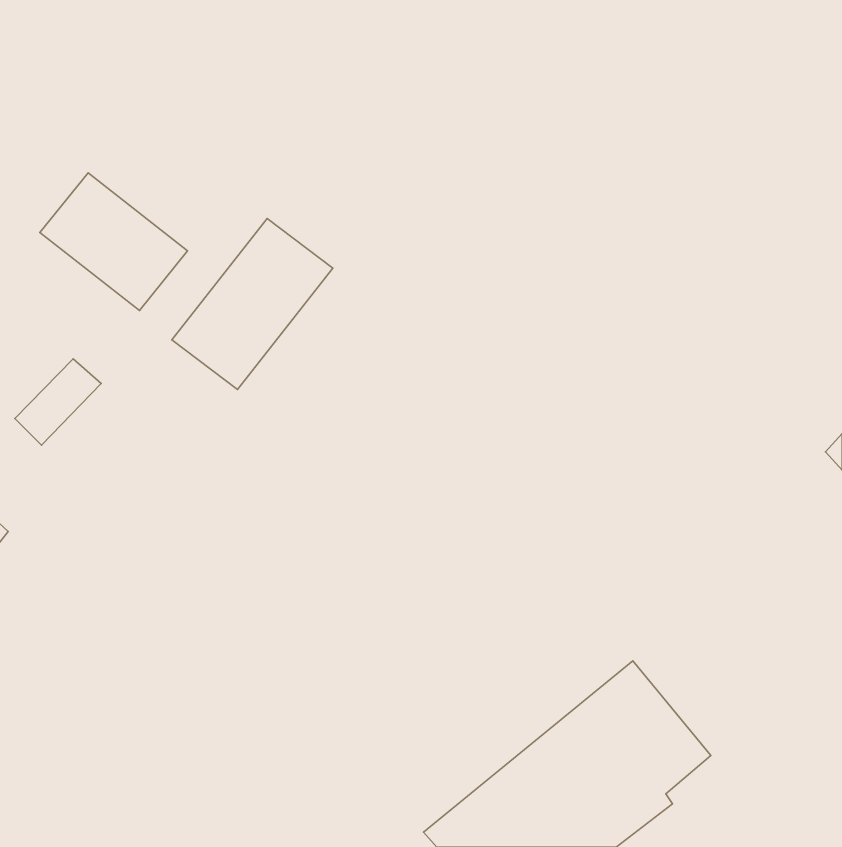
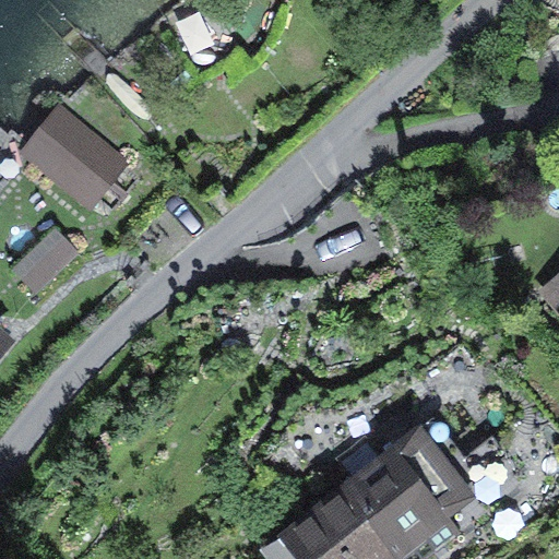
building: [172,219,333,390] -> none

